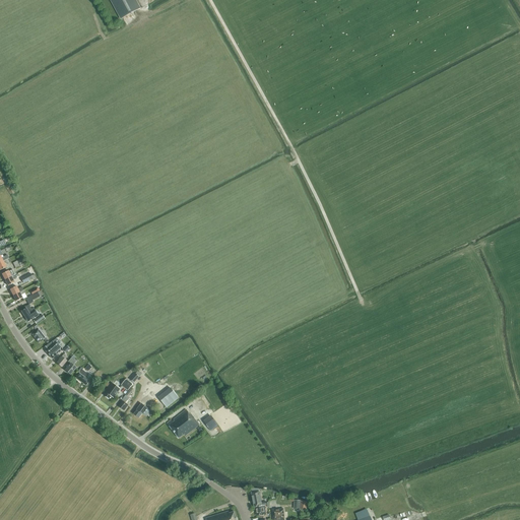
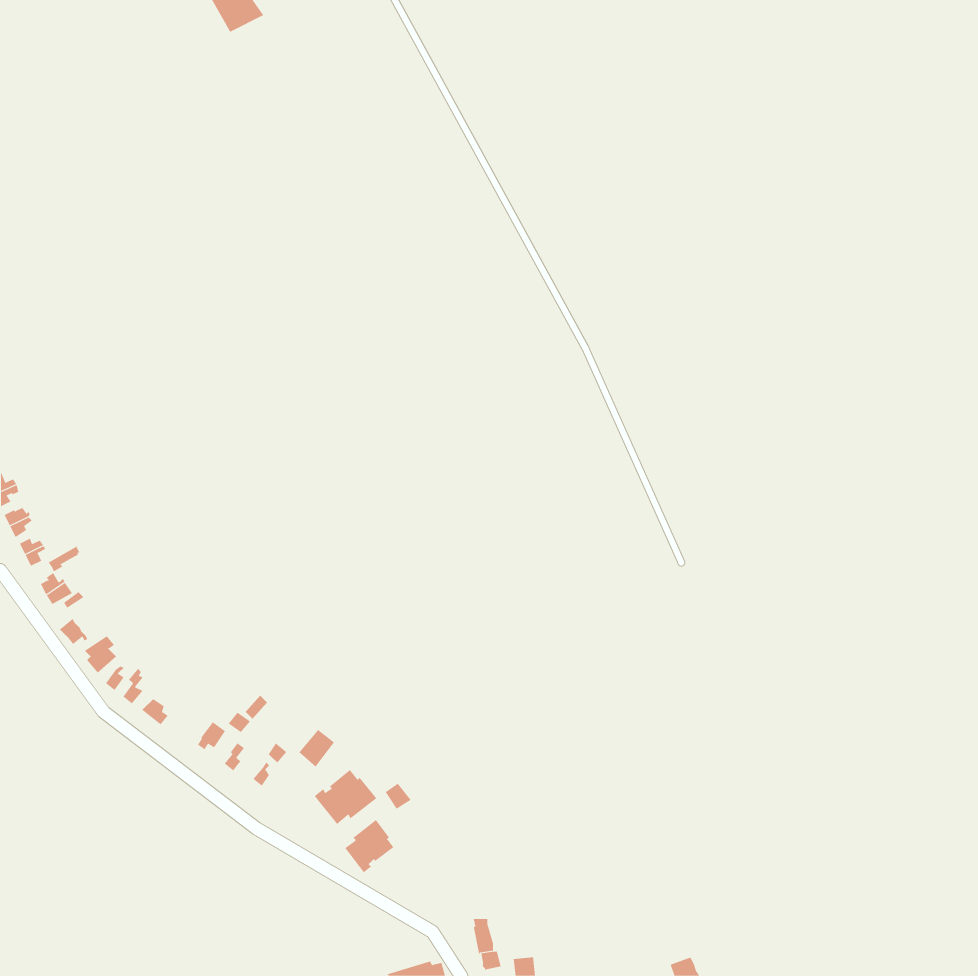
building: none -> [344,819,394,873]

